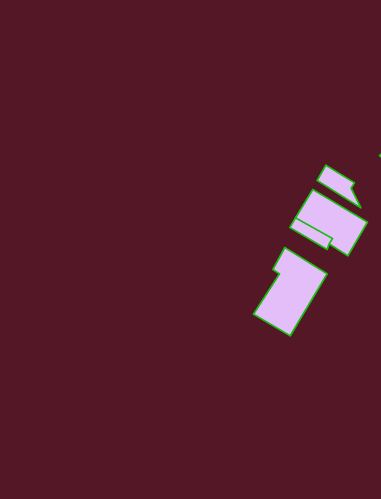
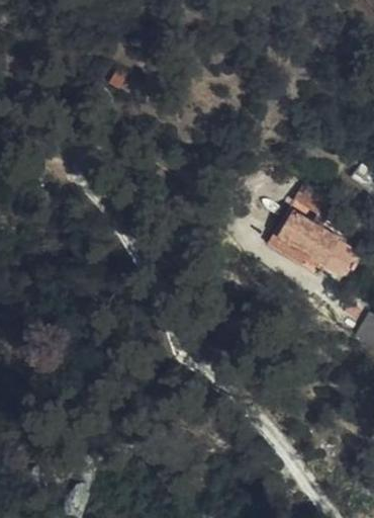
building: [253,248,327,336] -> none

